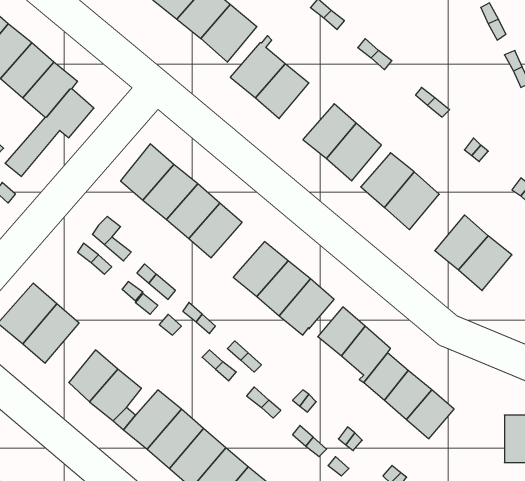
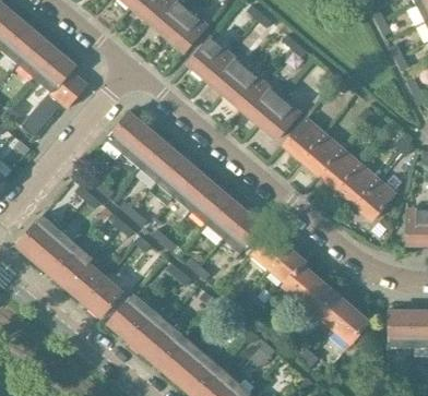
building: none -> [223,67,263,108]
building: none -> [319,148,359,190]
building: none -> [173,169,212,209]
building: none -> [50,243,93,287]
building: none -> [333,307,369,343]

